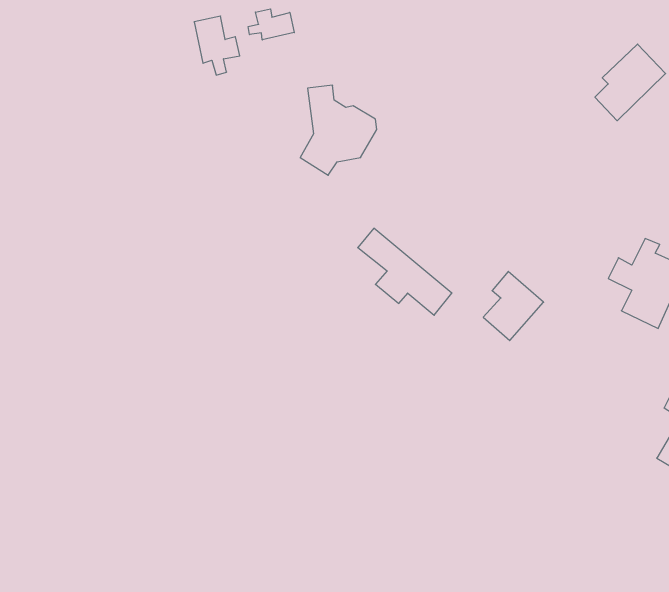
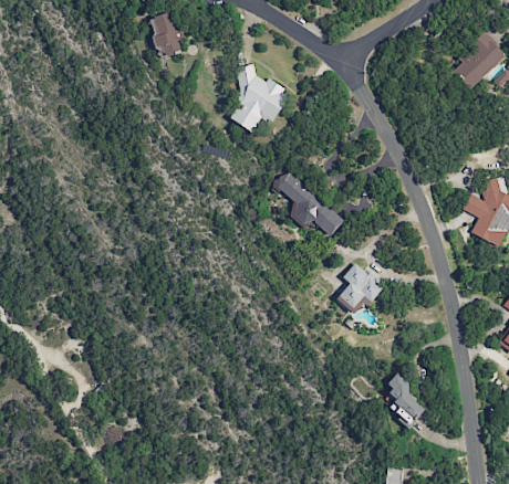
building: [248,9,294,40] -> none
building: [483,271,544,341] -> [336,263,382,315]
building: none -> [384,372,425,427]

